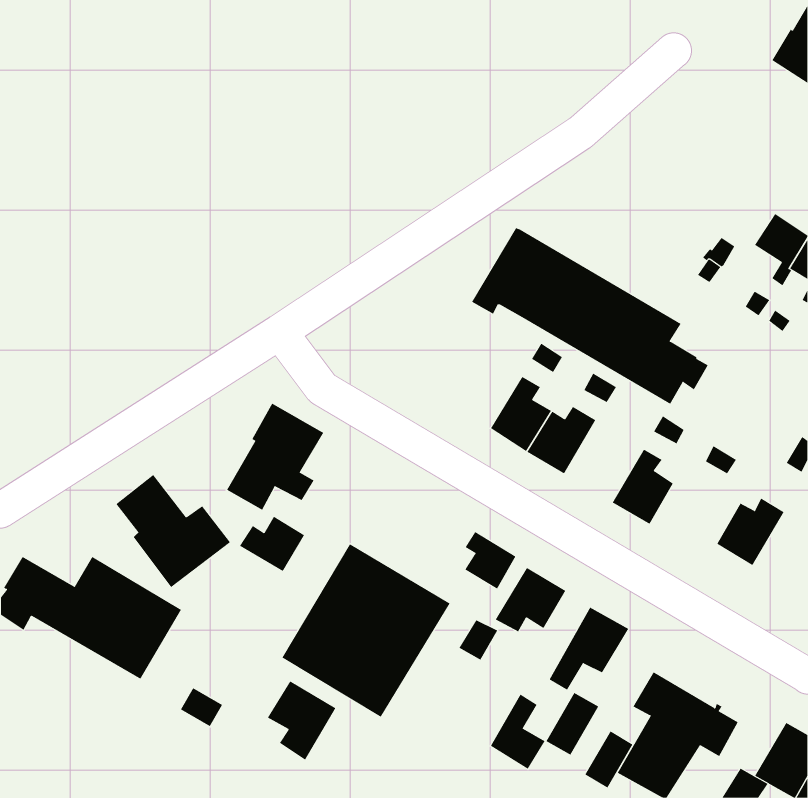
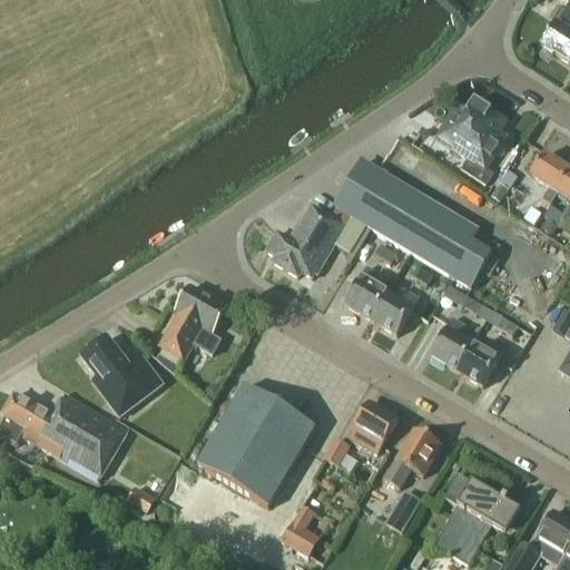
building: none -> [435,97,508,183]
building: none -> [266,202,366,276]
building: [717,498,785,566] -> [458,337,505,385]
building: [239,516,305,572] -> none
building: [465,531,516,589] -> none
building: [267,680,336,760] -> none
building: [490,694,546,770] -> [282,503,321,557]
building: [585,731,633,789] -> none

